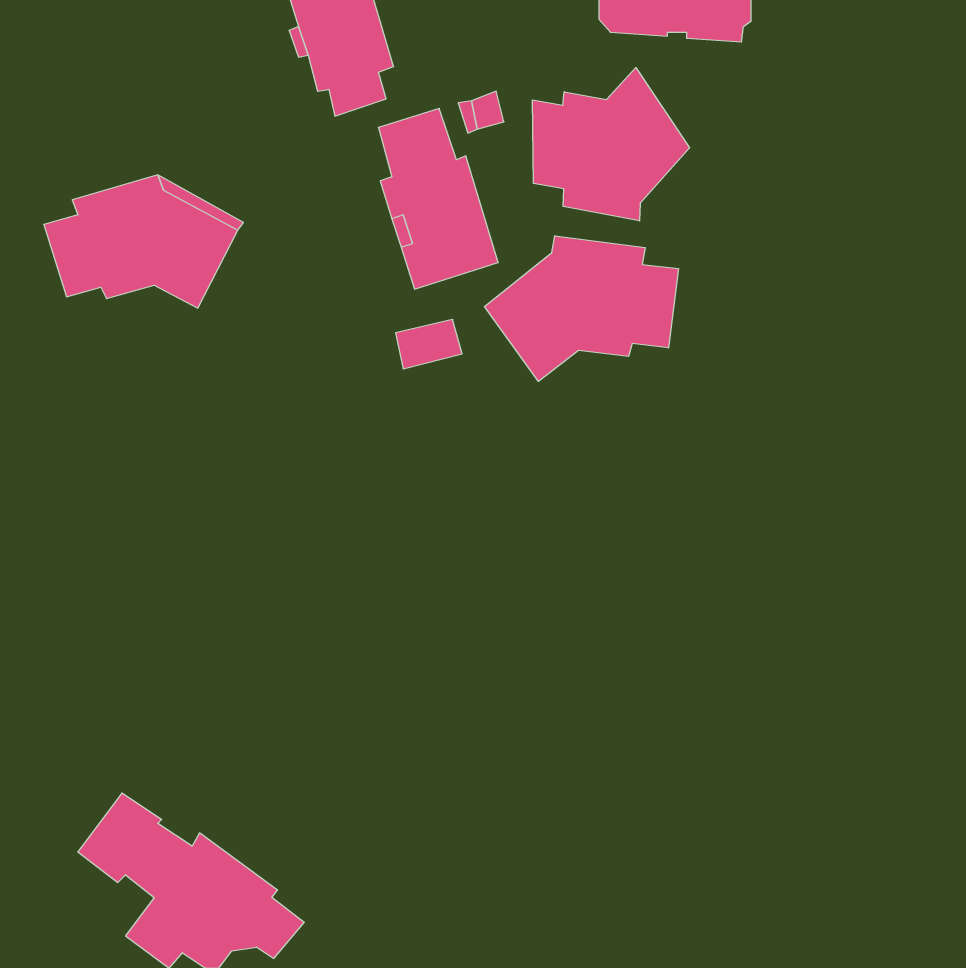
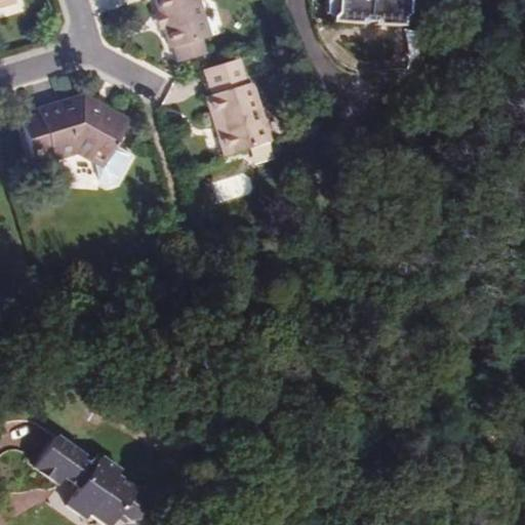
building: [532,68,690,221] -> none
building: [484,236,678,381] -> none

